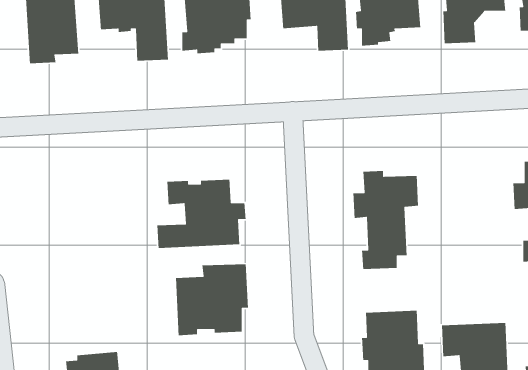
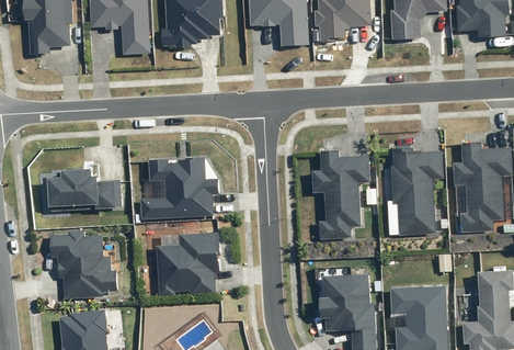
building: none -> [390,145,443,235]
building: none -> [48,169,122,211]
building: none -> [49,229,116,298]

